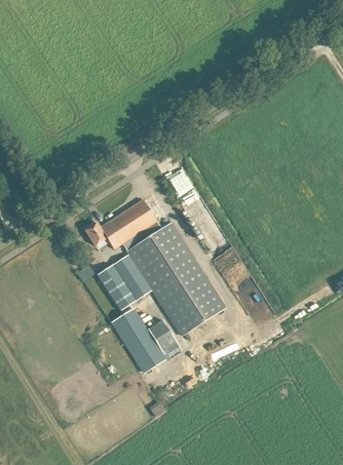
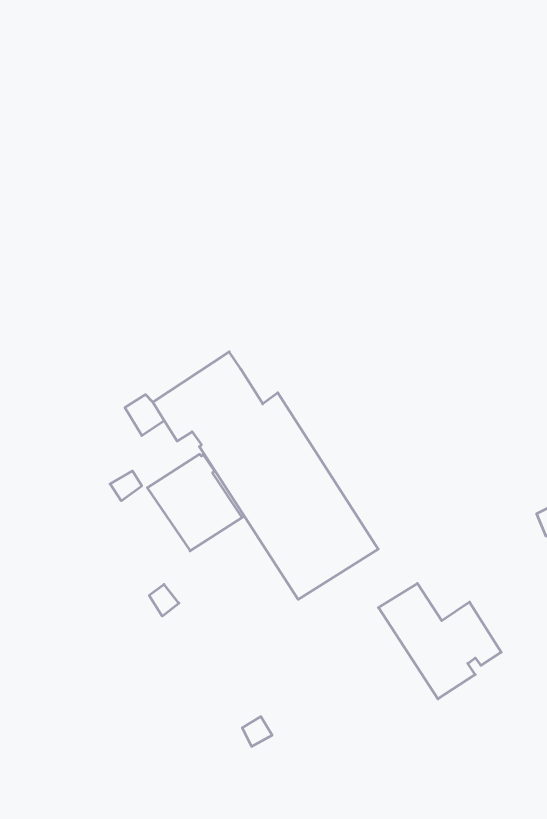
building: [111,309,179,373] -> [378,583,501,699]

